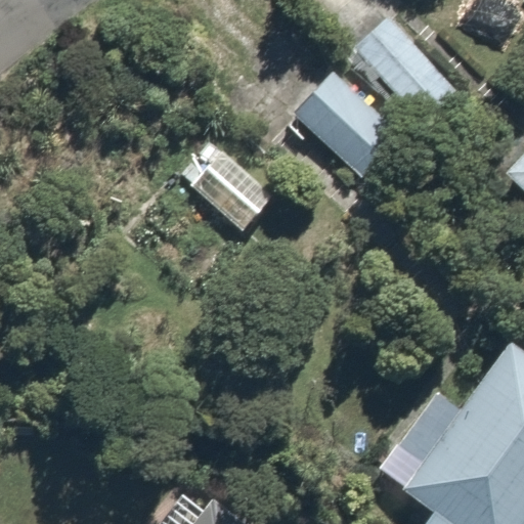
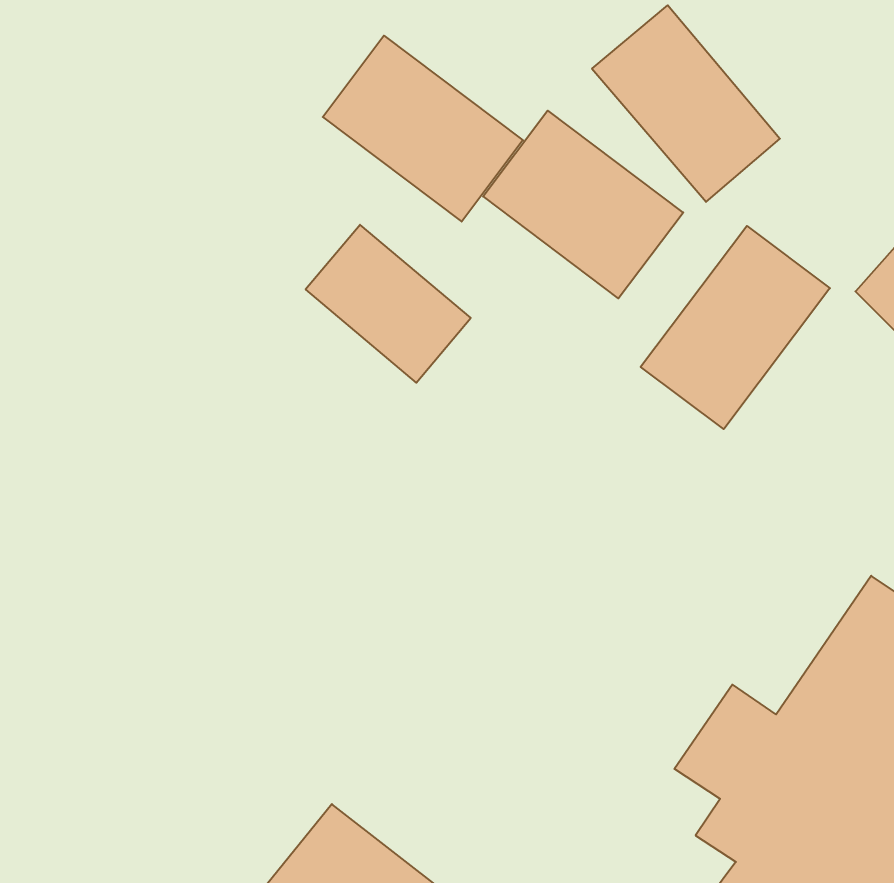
building: none -> [323,36,523,222]
building: none -> [641,226,830,429]

